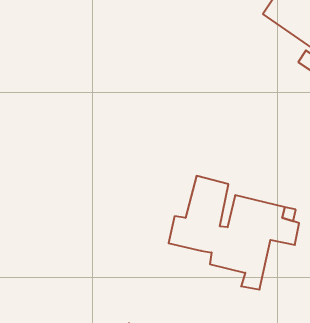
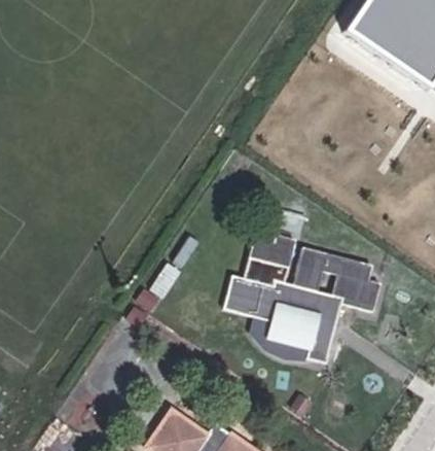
building: none -> [259,315,316,358]

